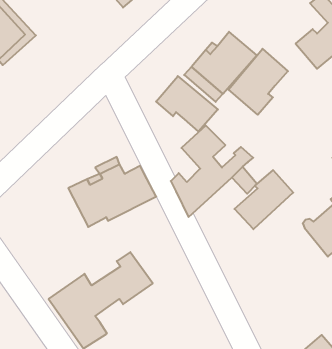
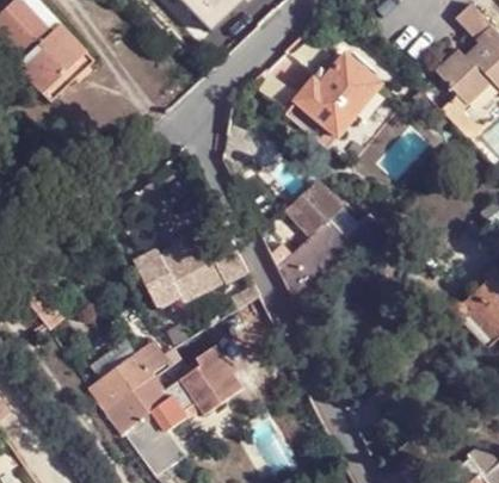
building: [228,49,288,115] -> none
building: [156,76,218,132] -> none
building: [234,170,293,229] -> none
building: none -> [91,341,167,409]

